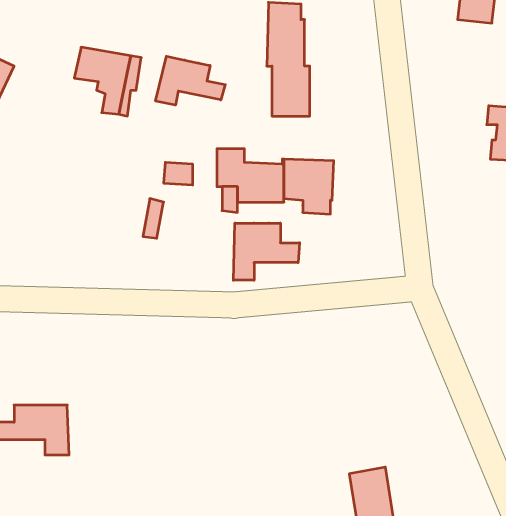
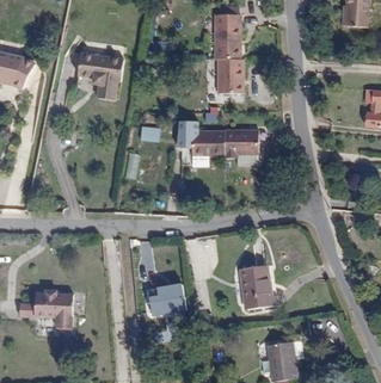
building: [156,56,225,105] -> none
building: [233,223,300,280] -> none
building: none -> [241,264,277,307]
building: none -> [145,284,185,319]

